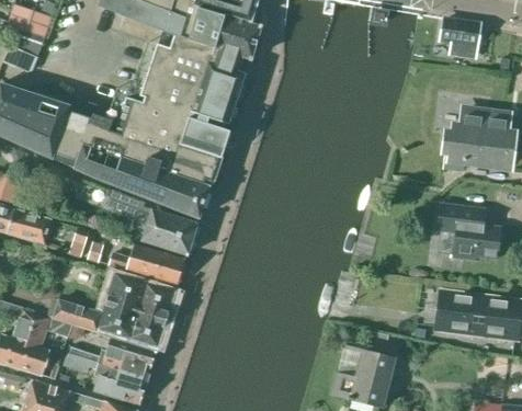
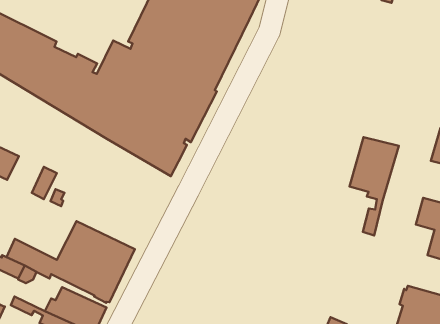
building: none -> [350,137,399,236]
building: [106,190,197,255] -> none
building: [110,246,185,285] -> none

